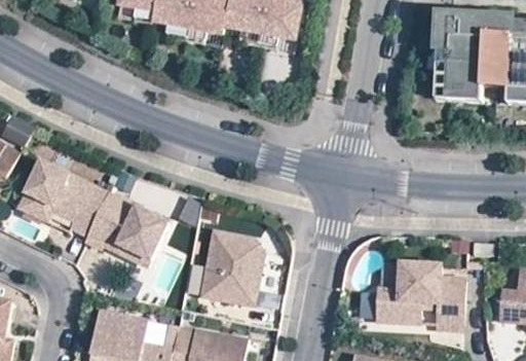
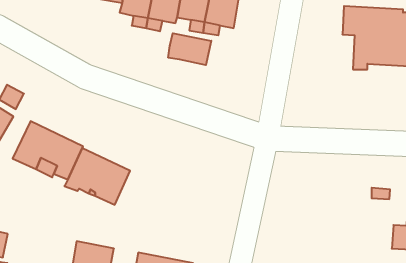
building: none -> [168,33,211,65]
building: [199,230,261,305] -> none
building: [376,262,463,330] -> none

